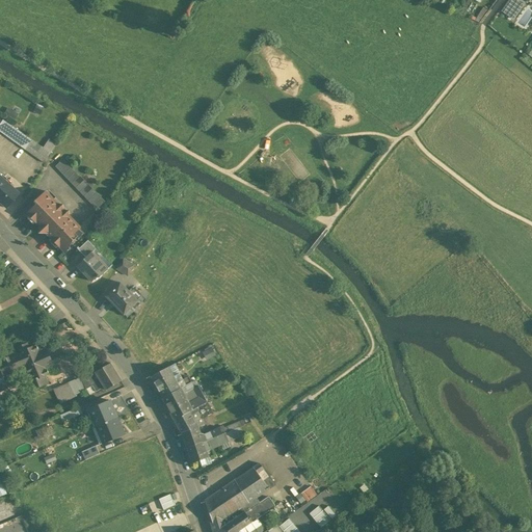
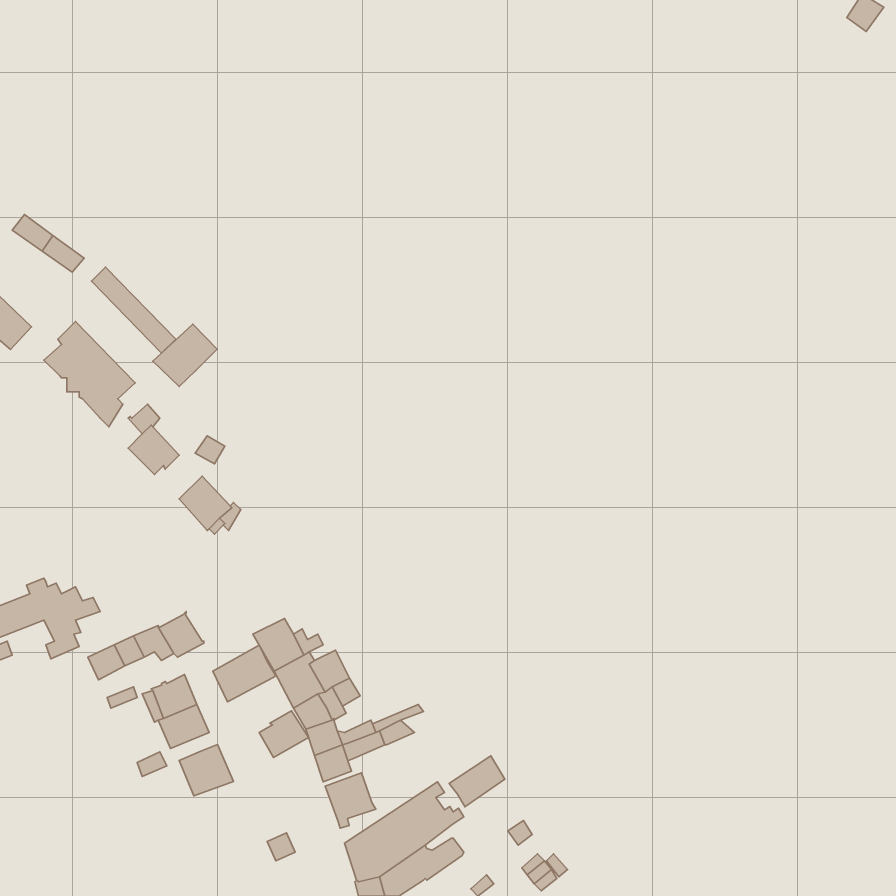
building: none -> [153,324,217,386]
building: none -> [213,645,276,702]
building: none -> [259,711,308,757]
building: none -> [179,745,234,796]
building: none -> [449,756,505,807]
building: none -> [325,773,376,828]

